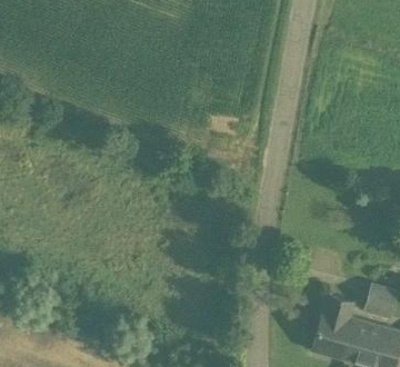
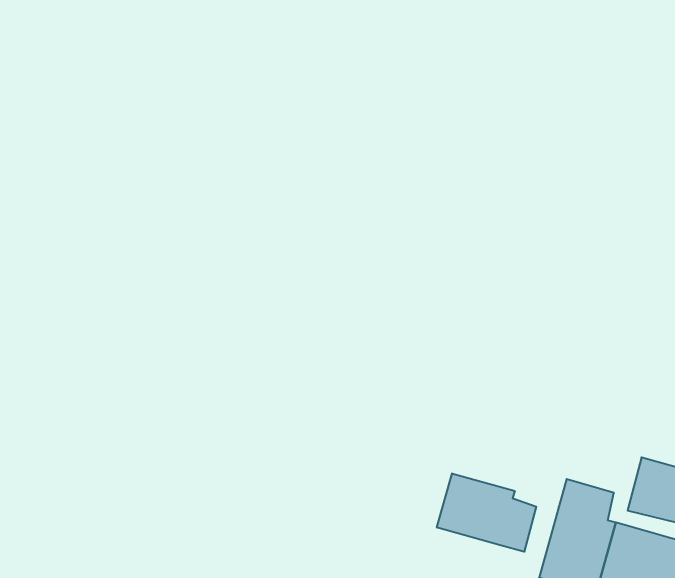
building: none -> [437,473,536,552]

